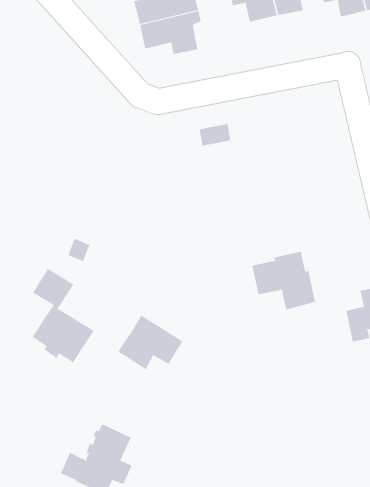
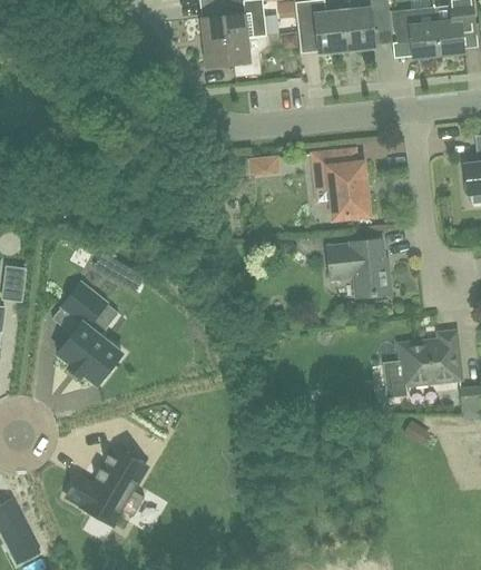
building: none -> [312,149,369,217]
building: [251,251,316,310] -> [327,237,390,296]
building: [117,315,183,370] -> none

